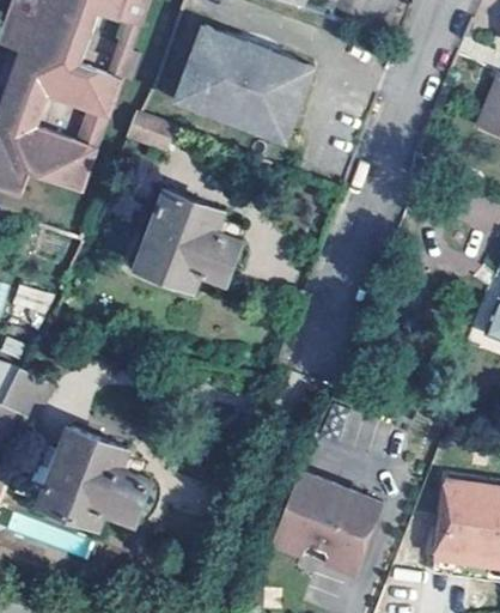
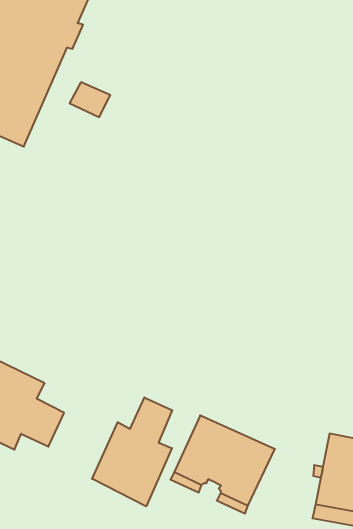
building: [171,25,312,142] -> none
building: [138,189,239,287] -> none
building: none -> [92,397,172,506]

